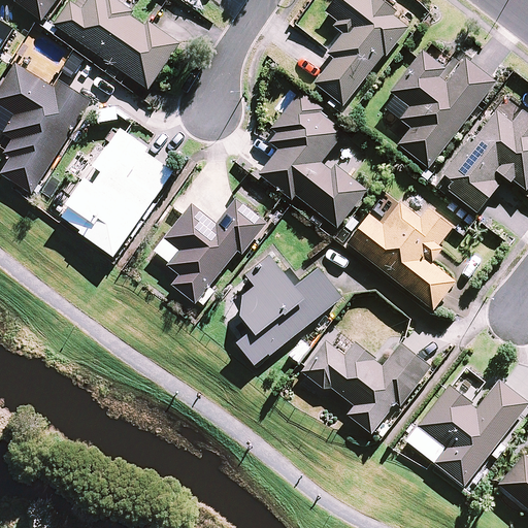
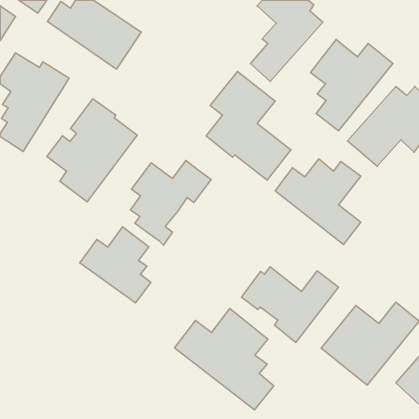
building: [229,258,342,364] -> none
building: none -> [80,227,151,303]
building: none -> [174,309,274,410]

